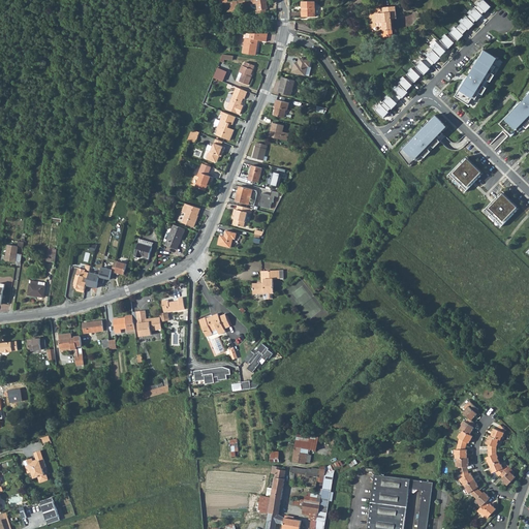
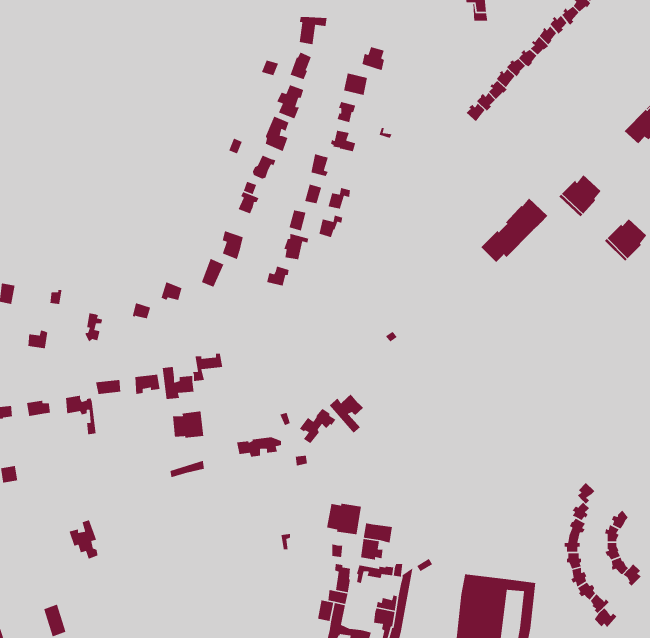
building: [454,50,496,104] -> none
building: [396,116,449,167] -> [480,198,548,263]
building: [252,270,277,299] -> none
building: [197,313,229,337] -> none
building: none -> [329,393,364,434]
building: none -> [172,410,204,438]
building: none -> [326,503,362,535]
building: [23,450,46,483] -> [69,519,99,560]

